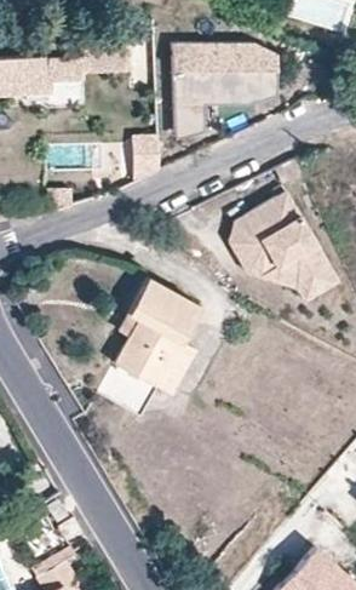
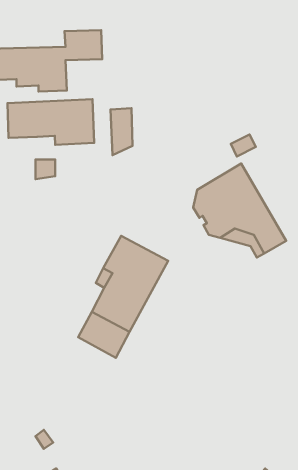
building: [172,39,277,132] -> none
building: none -> [8,99,94,145]

